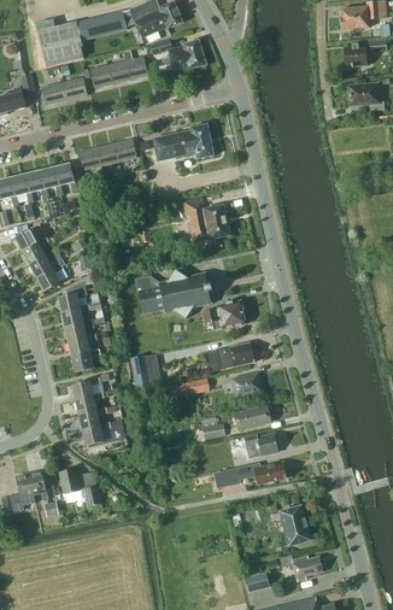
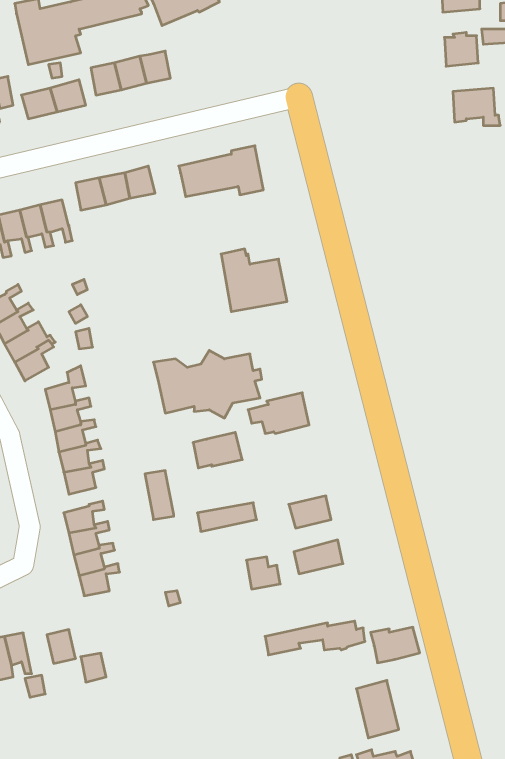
building: [151,39,206,70] -> none
building: [219,342,254,368] -> [193,432,242,468]
building: [244,433,278,458] -> [371,627,420,663]

